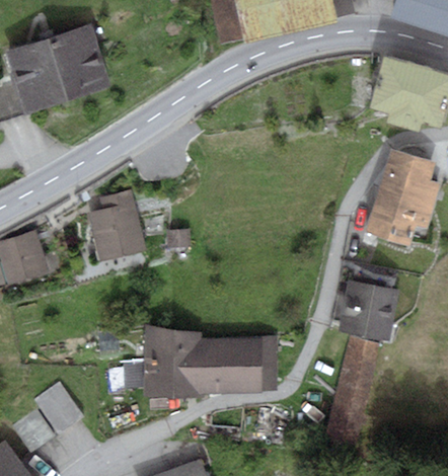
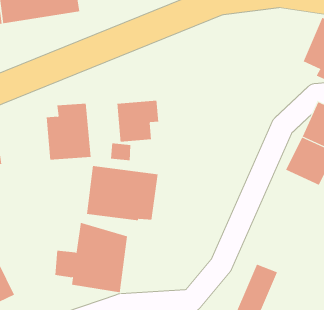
building: none -> [117,100,159,143]
building: [338,281,399,340] -> none
building: [201,337,277,394] -> [86,166,159,221]

